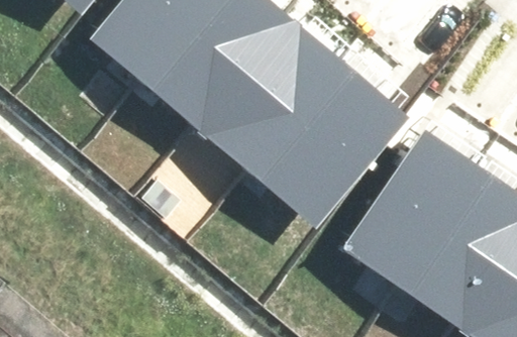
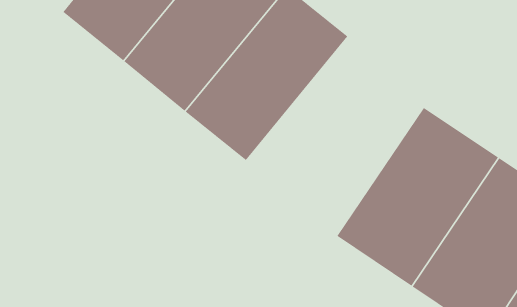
building: [257,61,411,224] -> none

